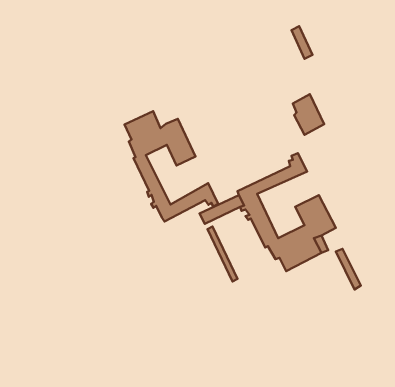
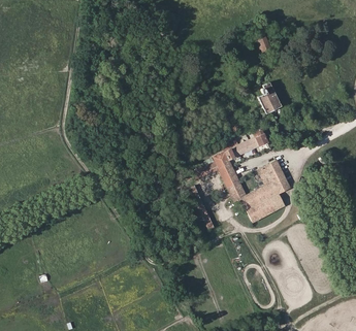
building: [124,111,218,221] -> none

